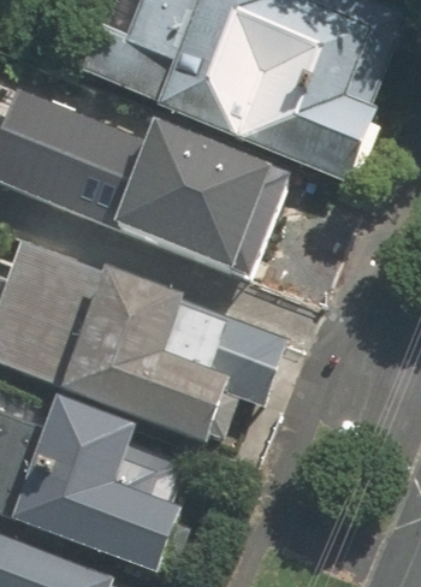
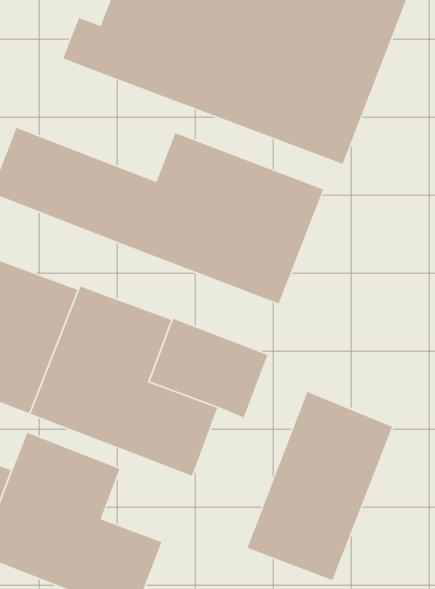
building: none -> [247,391,393,581]

